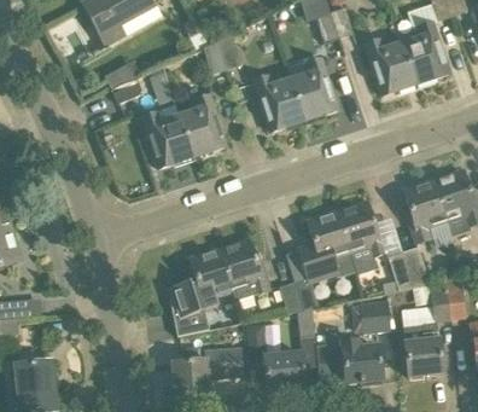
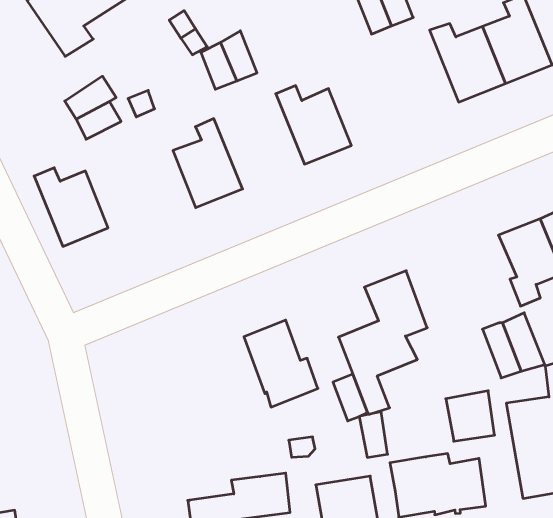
building: [291,58,338,120] -> none
building: [142,111,192,167] -> [34,168,108,246]
building: [337,201,383,275] -> none
building: [169,249,232,335] -> none

